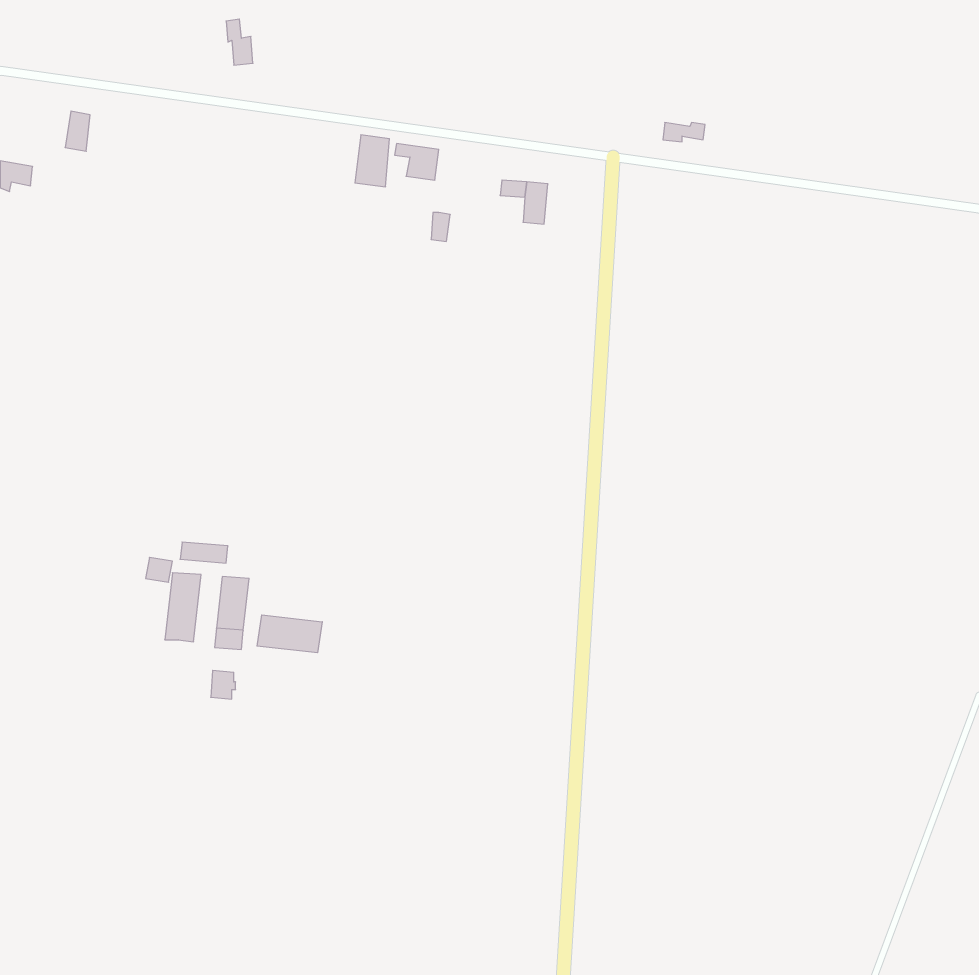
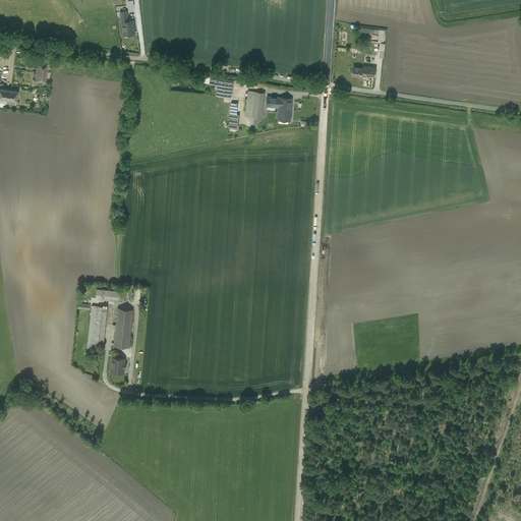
building: [355,135,389,187] -> [245,92,264,119]
building: [257,615,322,653] -> none

